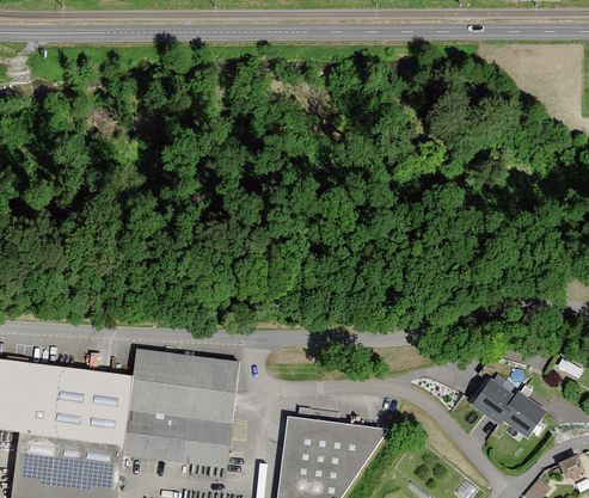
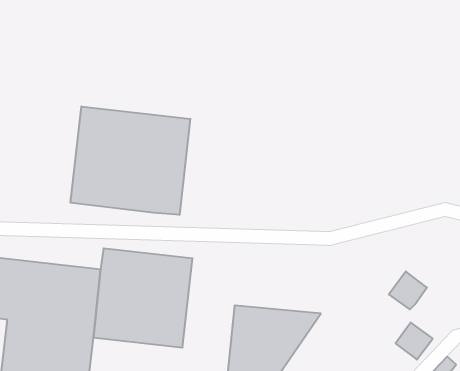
building: none -> [71,106,190,215]
building: [502,391,546,435] -> [396,322,433,360]

